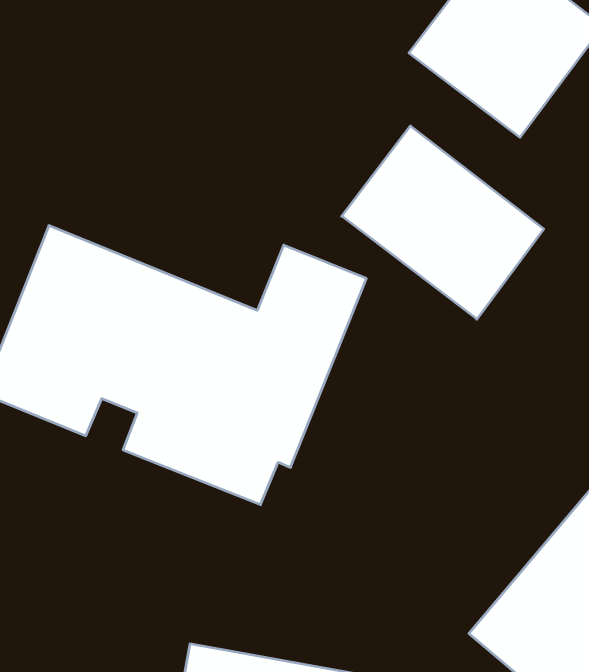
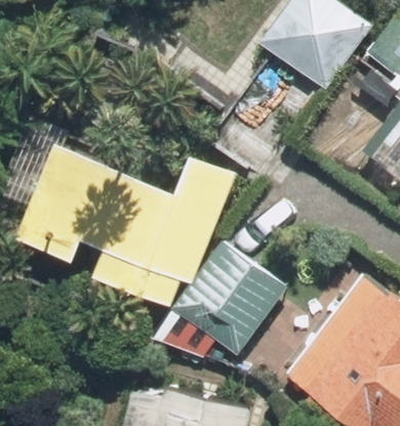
building: [342,126,544,319] -> none
building: none -> [172,241,288,357]

